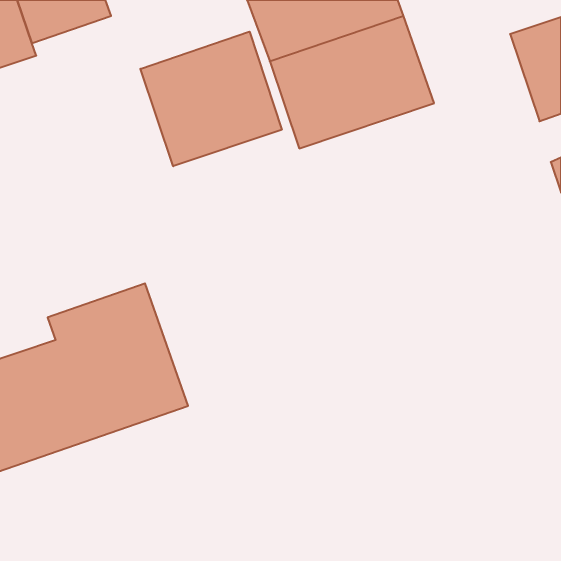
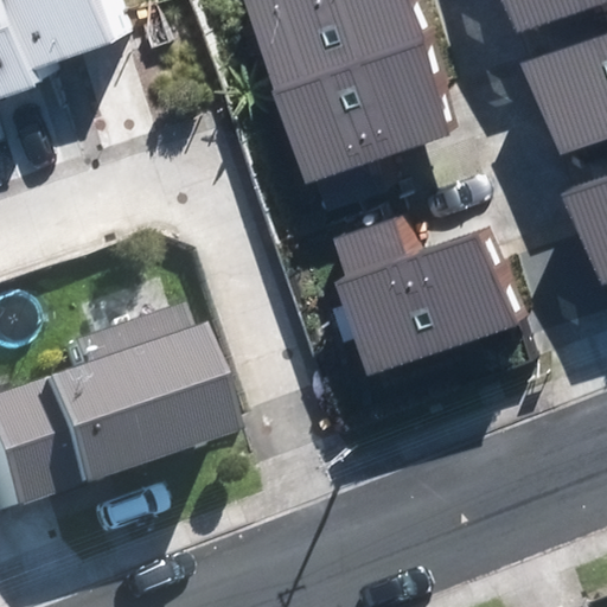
building: [140,32,282,166] -> none
building: none -> [347,226,517,362]

